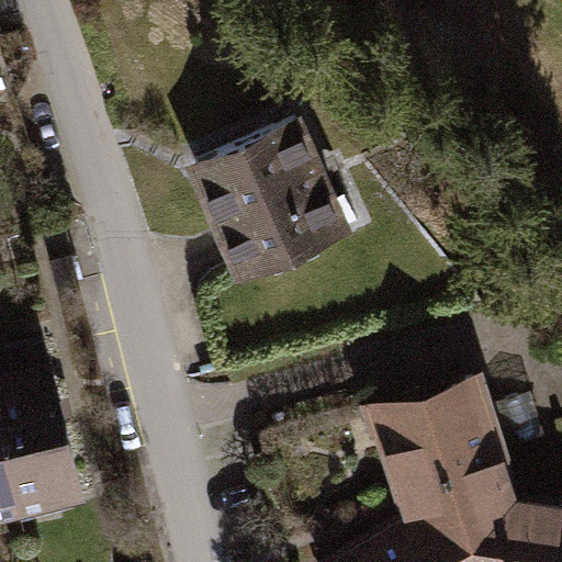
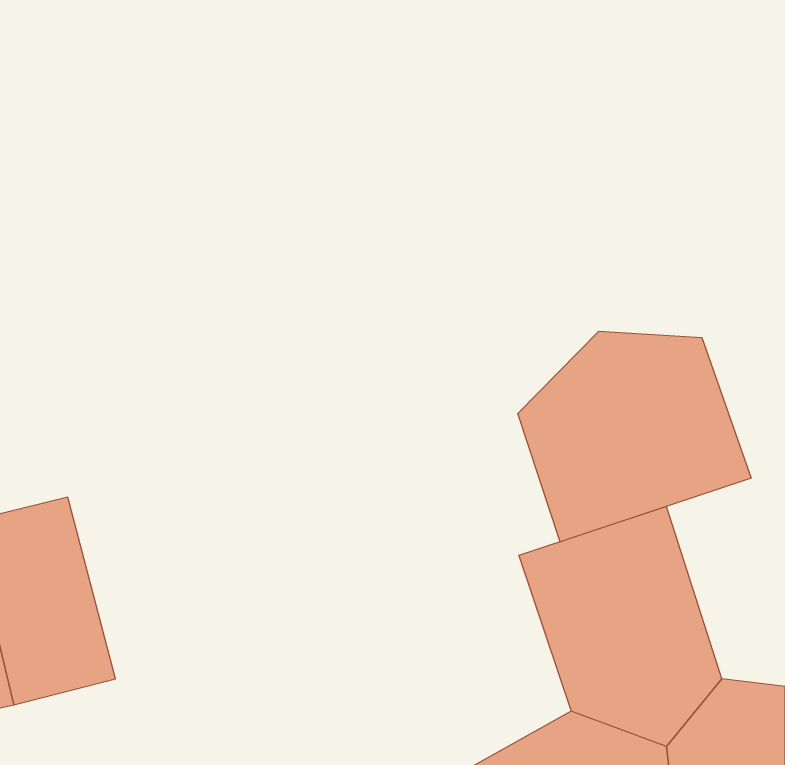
building: [192,128,349,288] -> none
building: none -> [518,331,751,542]

